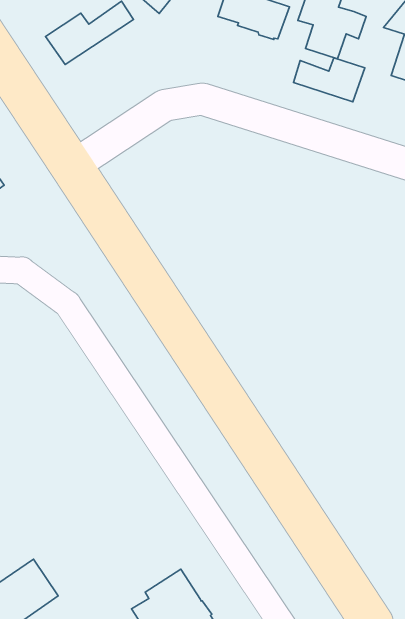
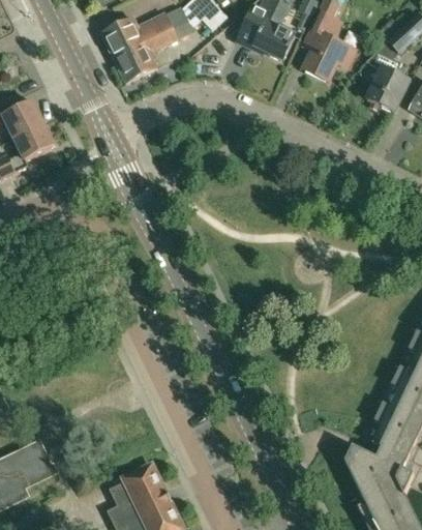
building: none -> [114,29,176,82]
building: [293,58,365,102] -> none

